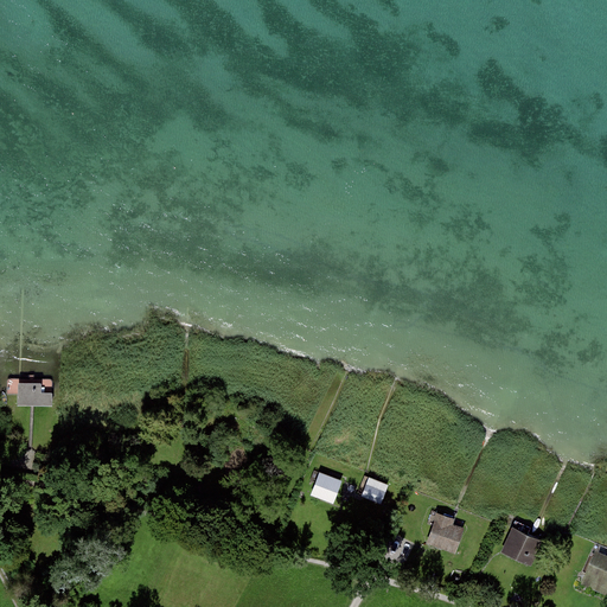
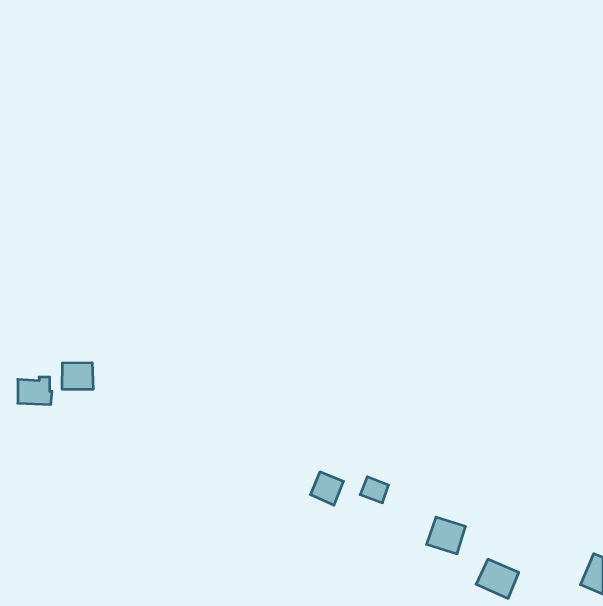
building: none -> [62,363,93,389]
building: [500,525,543,564] -> [476,559,519,598]

